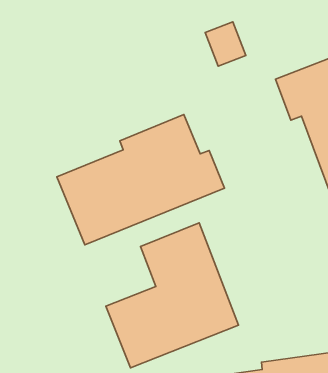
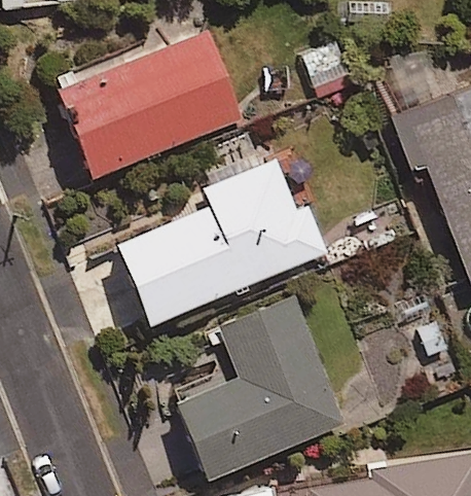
building: none -> [59,30,242,177]

